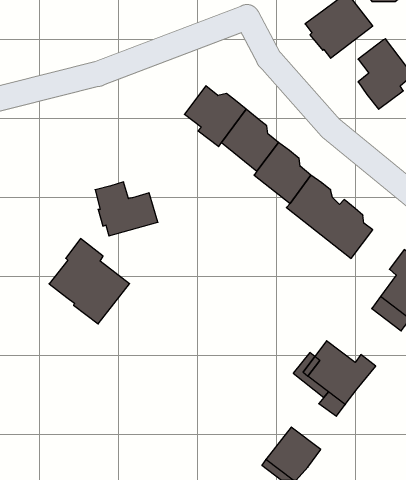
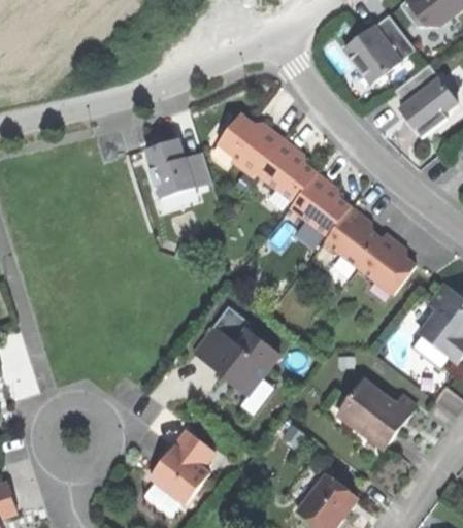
building: [95,182,158,236] -> [145,139,211,196]
building: [49,239,130,324] -> [194,304,278,394]
building: none -> [150,428,213,503]

